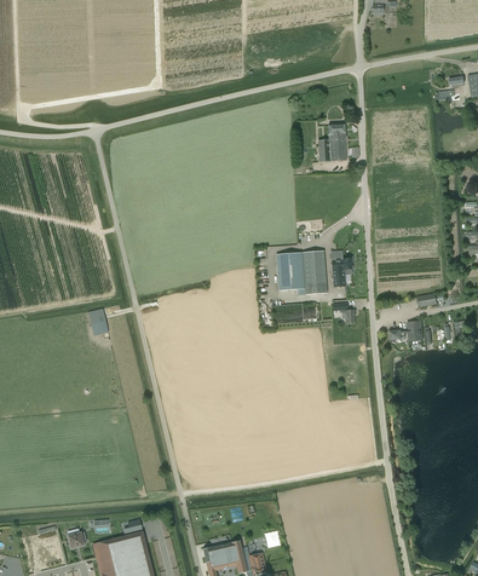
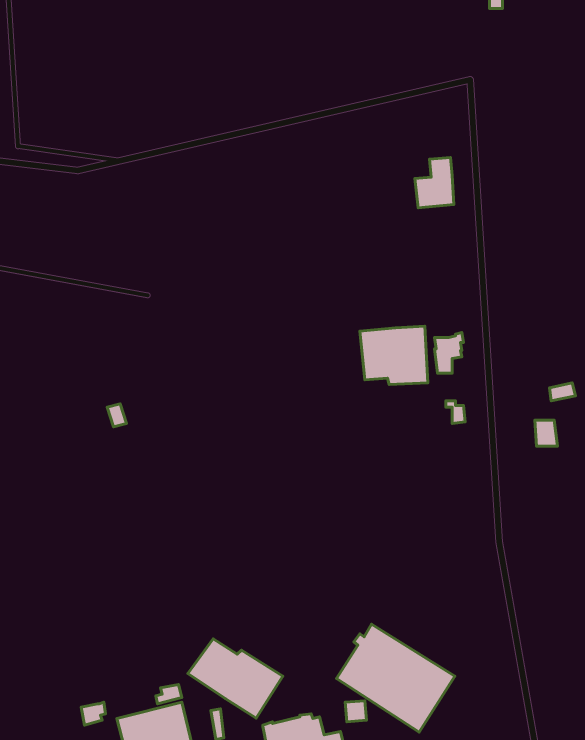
building: none -> [337,624,455,732]
building: none -> [188,639,283,718]

